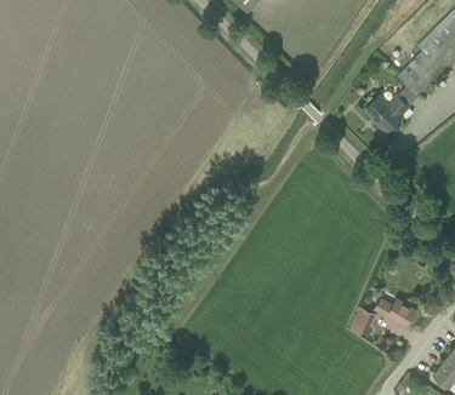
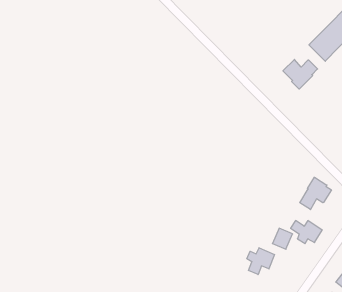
building: none -> [300,177,331,210]
building: none -> [247,248,275,275]

